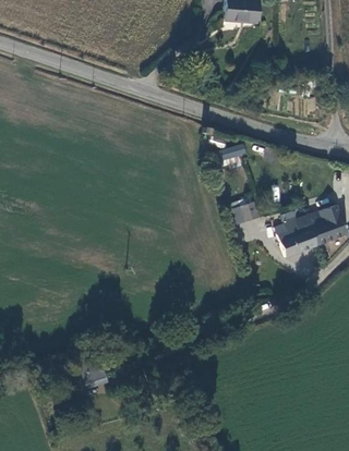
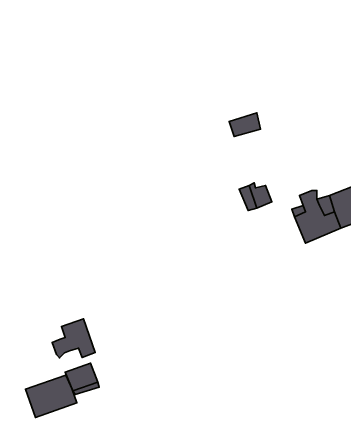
building: none -> [52,319,95,358]
building: none -> [25,375,77,418]

